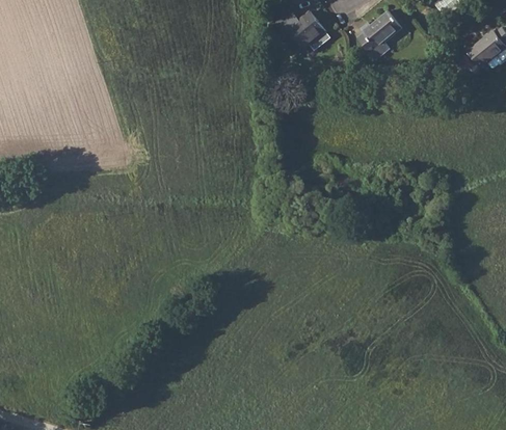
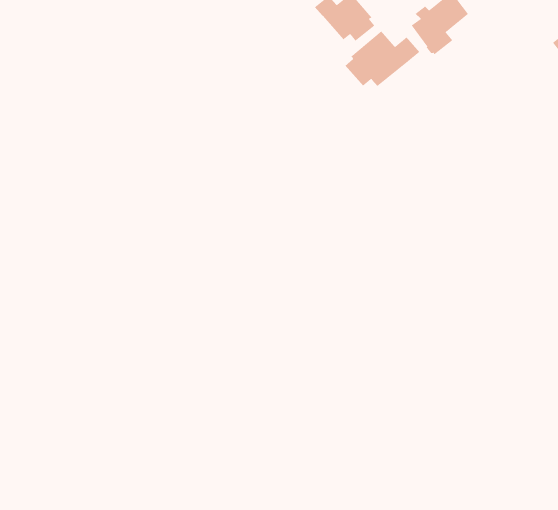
building: none -> [345,30,420,87]

